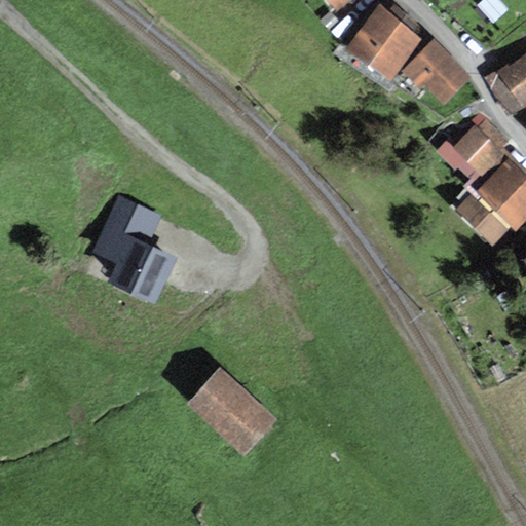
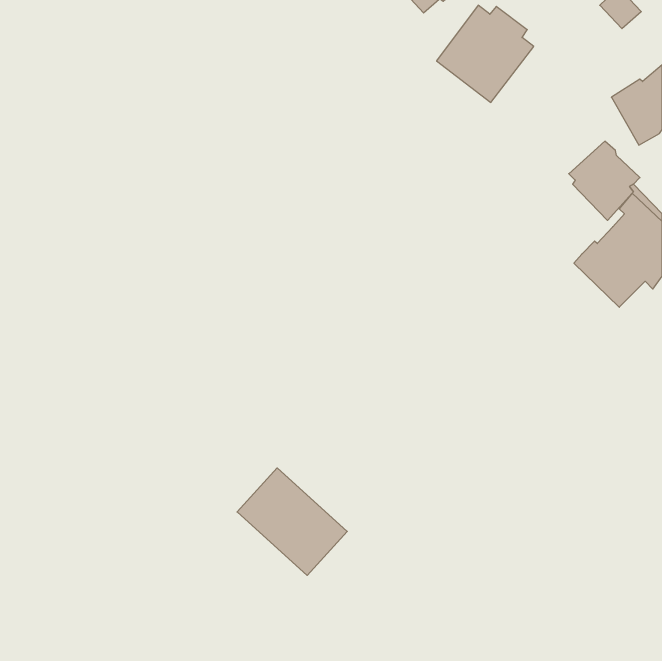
building: [400,36,472,103] -> none
building: [435,136,495,201] -> none
building: [91,194,177,304] -> none

